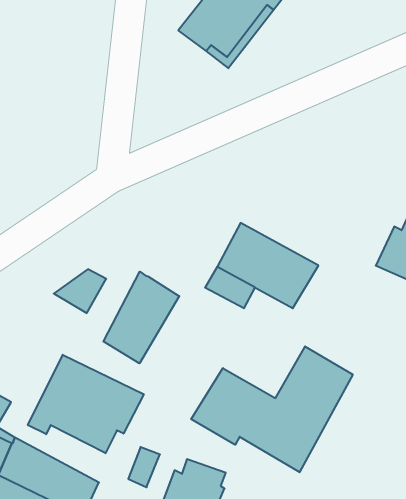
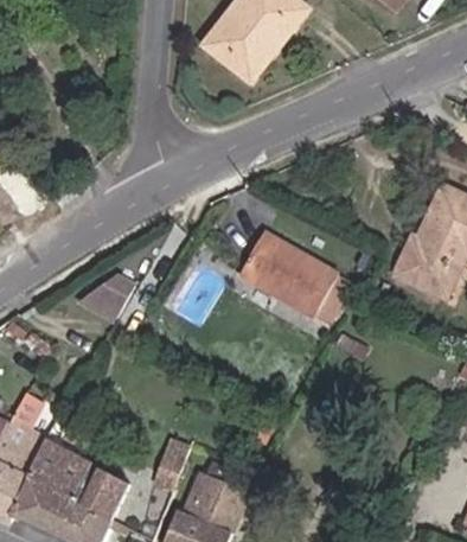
building: [103,272,179,363] -> none
building: [191,346,353,472] -> none
building: [28,355,144,453] -> none

